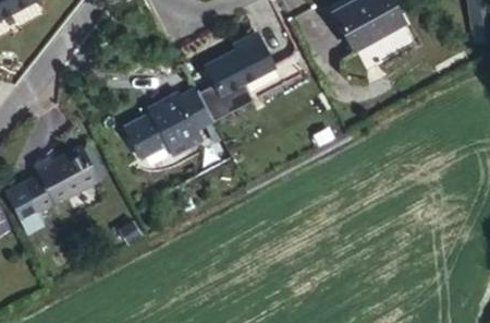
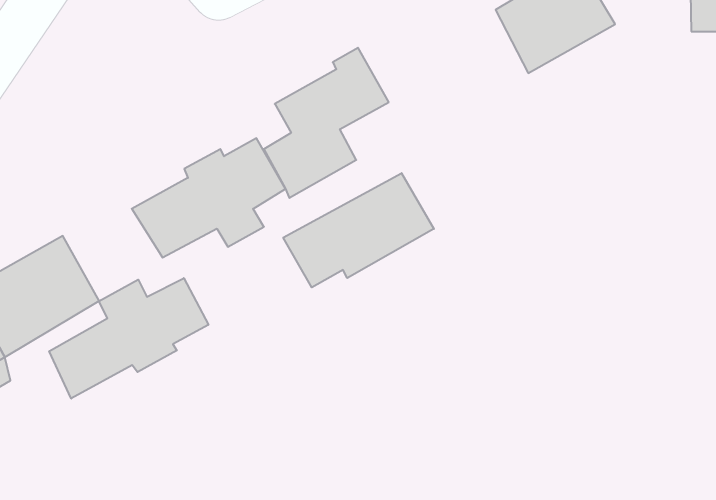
building: none -> [283,173,434,287]
building: none -> [49,278,208,399]

